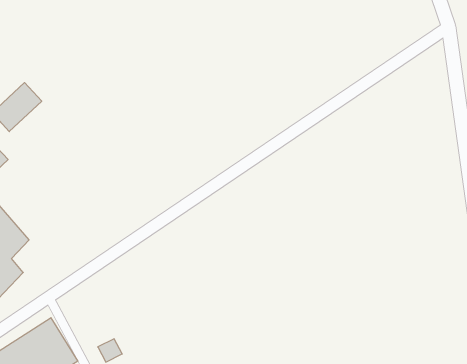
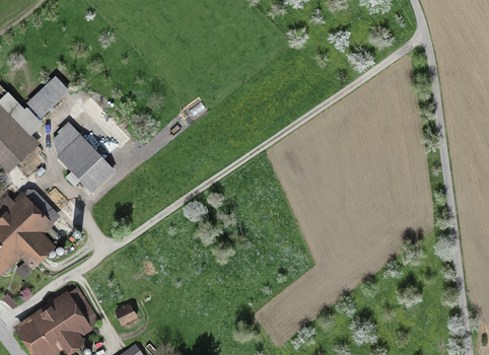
building: none -> [52,125,114,194]

